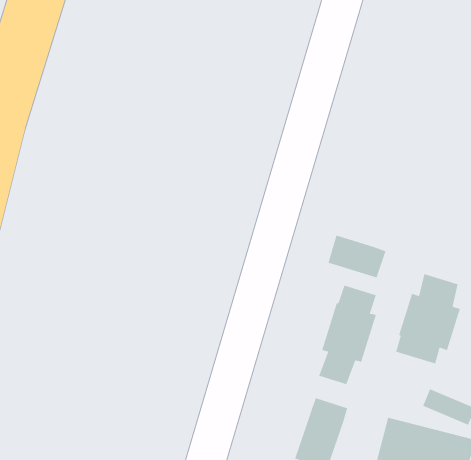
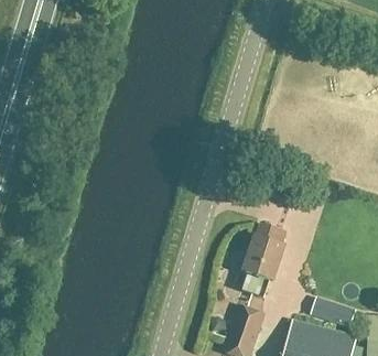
building: [327,235,386,279] -> none
building: [395,273,461,365] -> none

